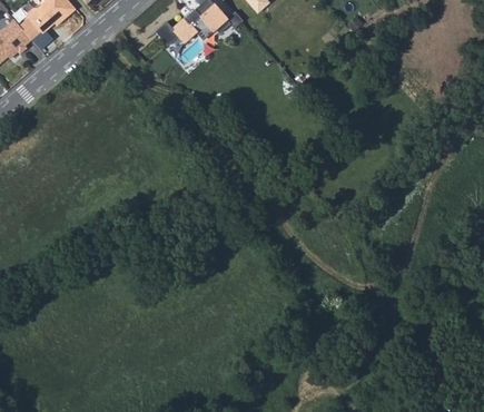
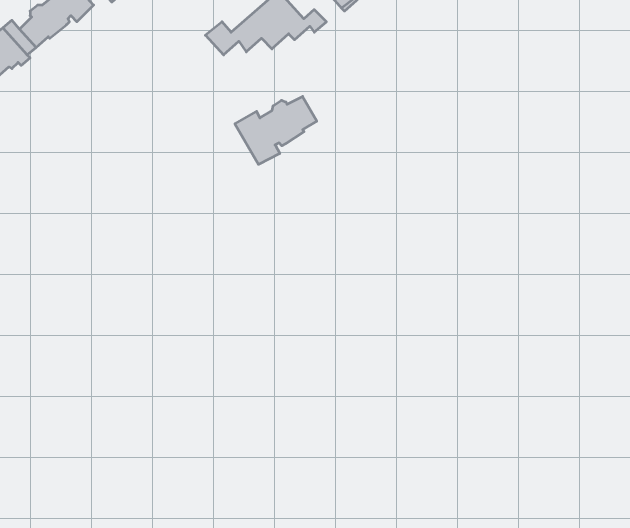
building: none -> [235,96,317,164]

